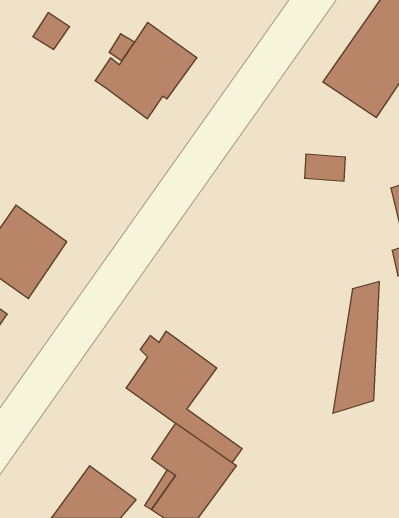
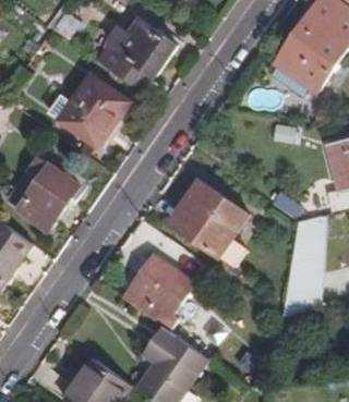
building: none -> [48,76,129,146]
building: none -> [169,182,245,258]

